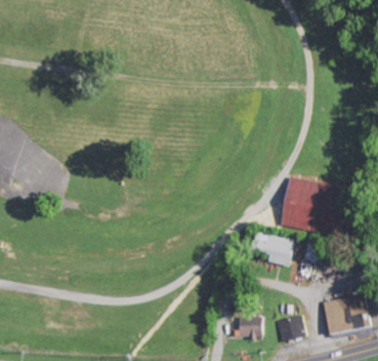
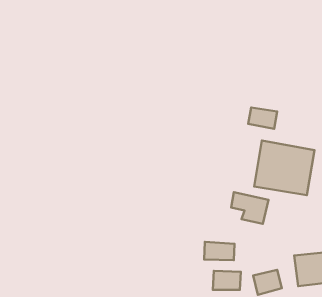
building: none -> [248,107,277,129]
building: none -> [204,242,235,260]

